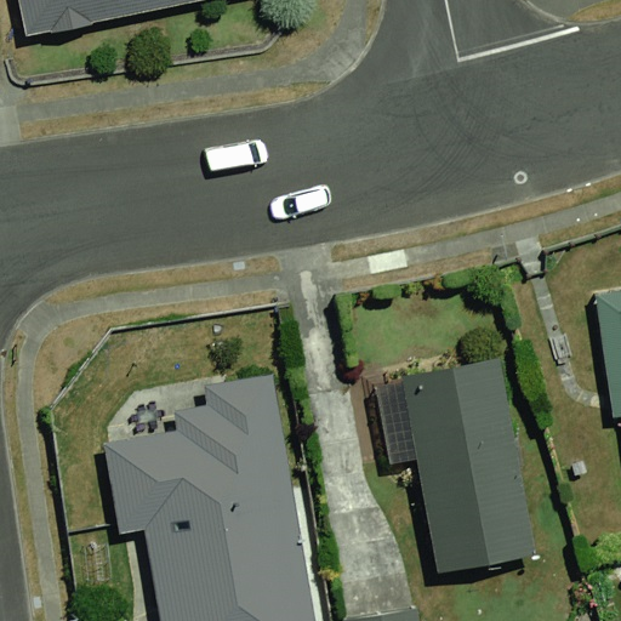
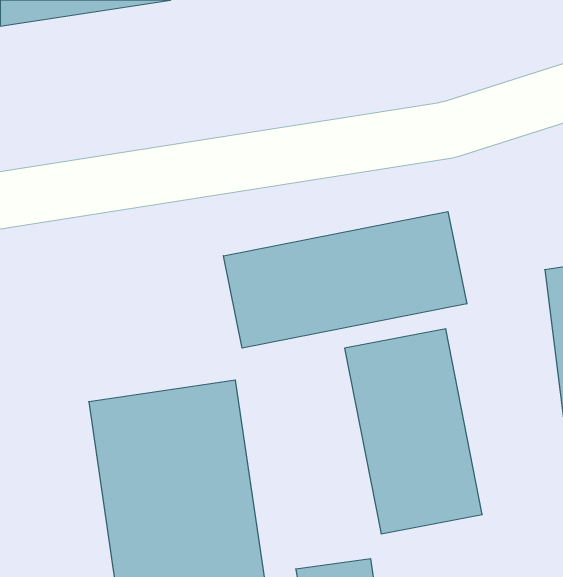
building: none -> [223,212,467,348]

